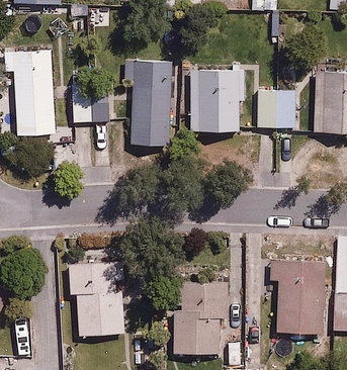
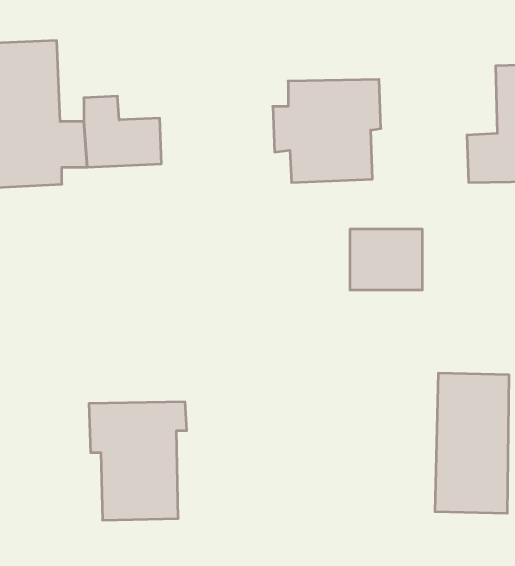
building: [124,61,170,145] -> none
building: [250,90,293,126] -> [350,229,422,290]
building: [172,280,227,352] -> none

